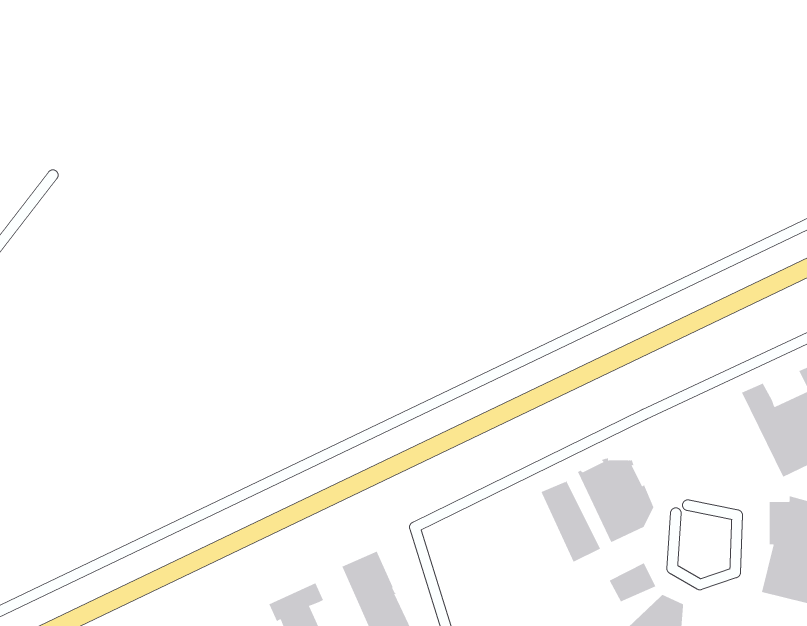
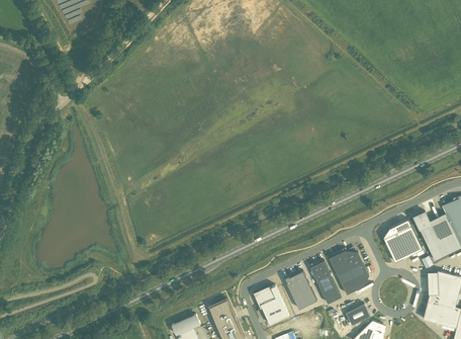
building: none -> [383,219,422,262]
building: none -> [284,270,316,309]
building: none -> [253,284,288,324]

